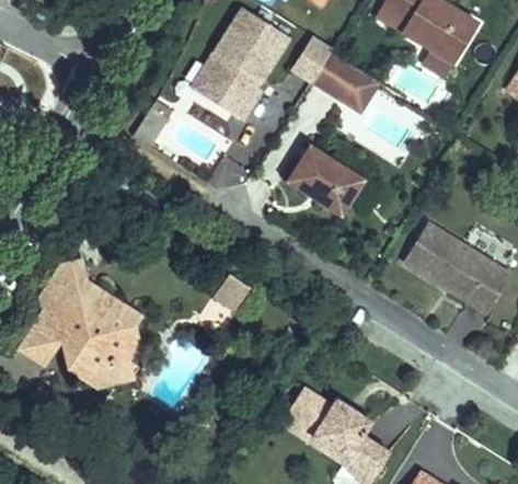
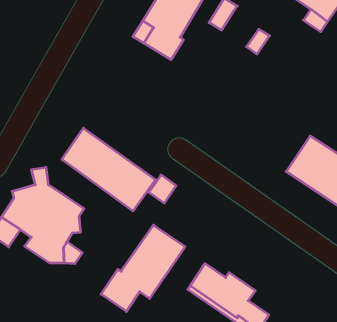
building: [314,46,364,92] -> none
building: [285,135,360,206] -> none
building: none -> [62,128,155,211]
building: none -> [101,225,185,312]

